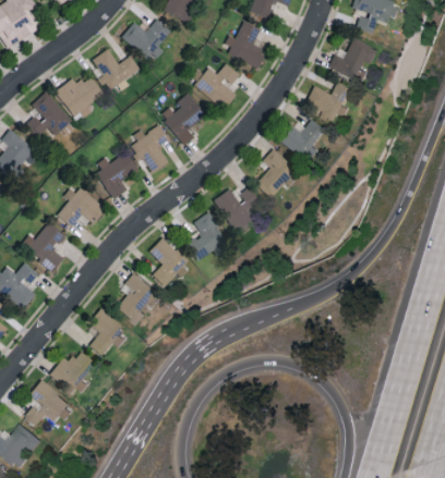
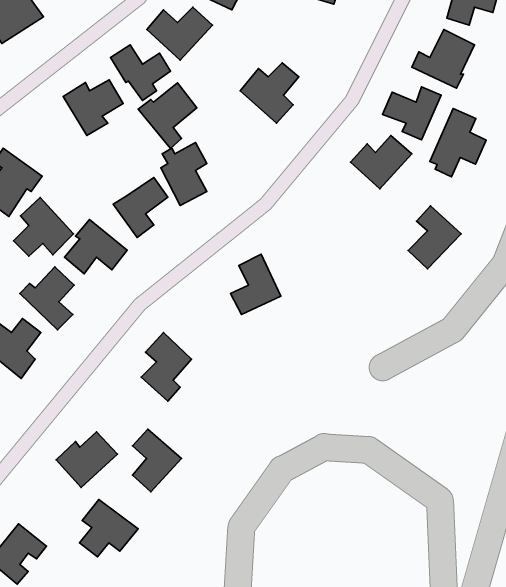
building: [225,22,266,68] -> none
building: [25,91,72,137] -> [14,198,74,256]
building: [159,95,205,146] -> [138,83,197,148]
building: none -> [430,109,486,177]
building: [255,148,297,197] -> [408,206,461,269]
building: [214,187,261,234] -> none
building: [148,238,191,291] -> none
building: [89,309,128,358] -> [133,429,181,492]
building: [25,380,71,425] -> [79,499,138,557]

